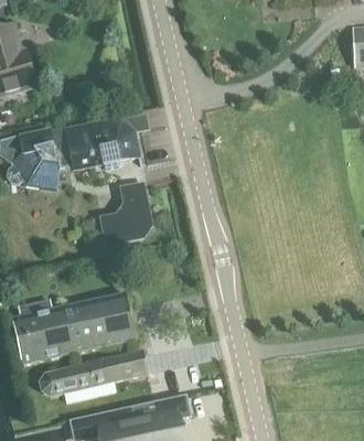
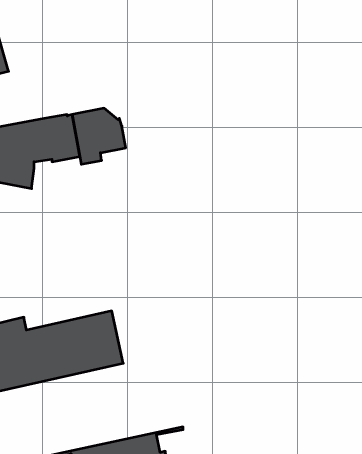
building: [100,183,151,244] -> none
building: [39,351,147,401] -> none

